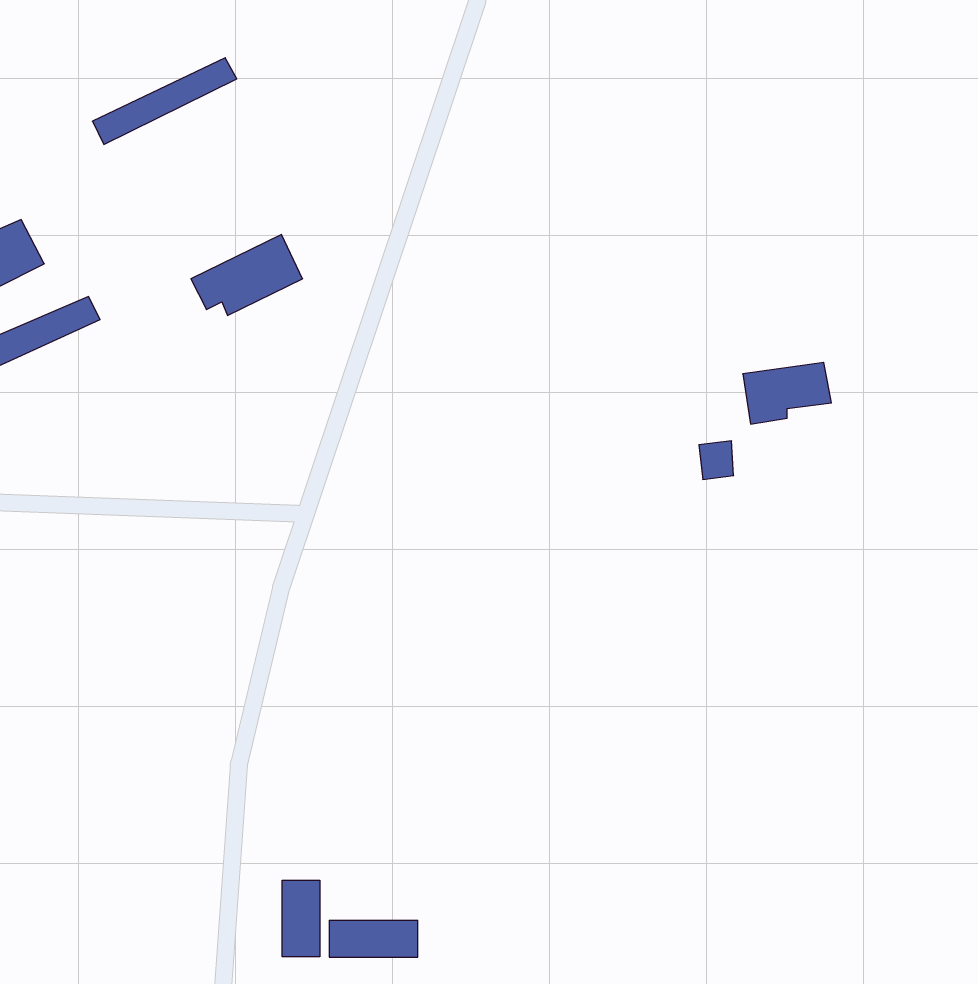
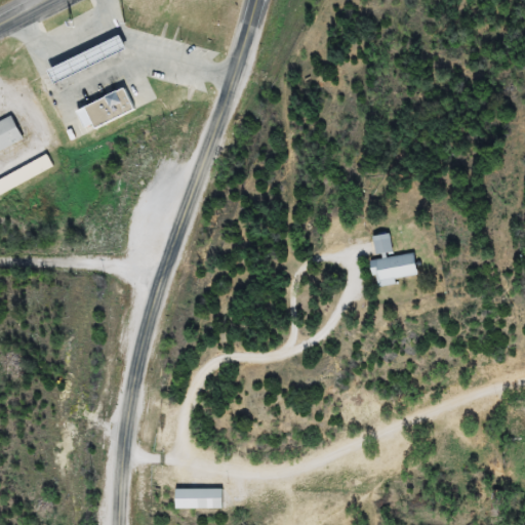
building: [191,235,303,315] -> [77,82,136,125]
building: [743,362,831,424] -> [371,254,418,287]
building: [282,880,320,957] -> none

